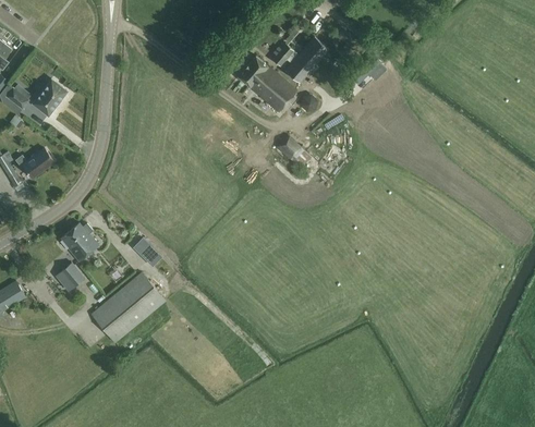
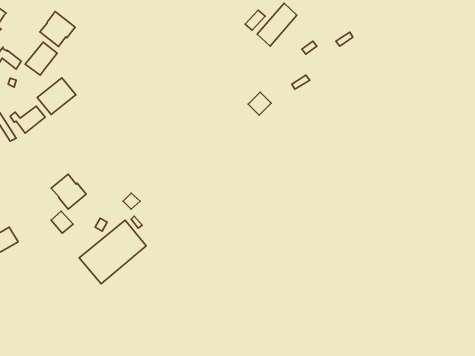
building: none -> [40,11,75,46]
building: [238,56,296,111] -> none
building: none -> [37,78,76,114]

